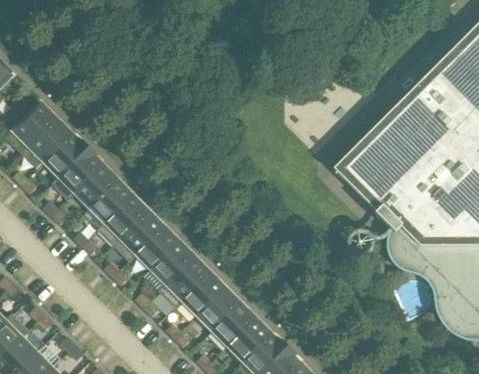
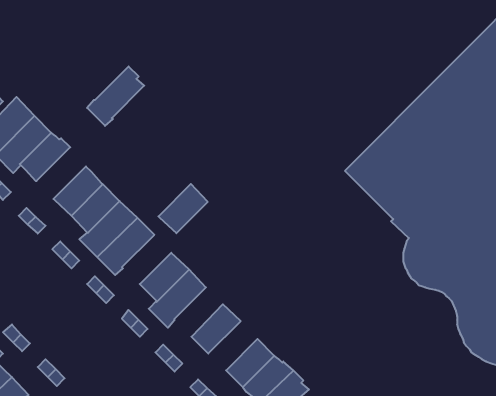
building: [52,146,103,199] -> [87,66,144,126]
building: [135,224,179,268] -> [158,184,208,233]
building: [182,271,225,315] -> none
building: [212,301,256,345] -> none

